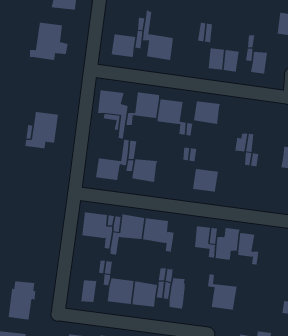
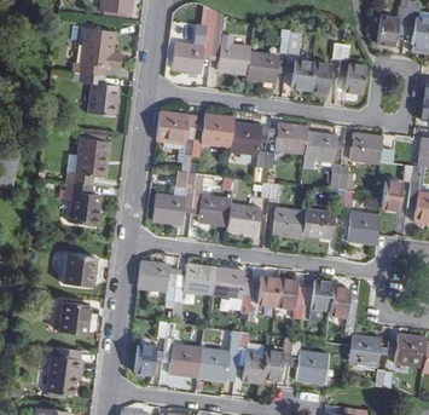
building: none -> [247,51,279,80]
building: none -> [77,71,116,116]
building: none -> [302,132,337,168]
building: none -> [352,133,383,163]
building: none -> [64,180,99,225]
building: none -> [227,203,260,232]
building: none -> [302,208,335,238]
building: none -> [349,212,381,243]
building: none -> [62,254,94,287]
building: none -> [247,277,278,321]
building: none -> [58,301,88,334]
building: none -> [349,334,381,367]
building: none -> [262,336,294,379]

